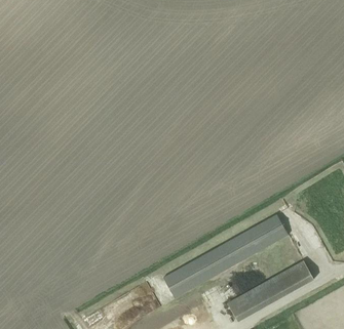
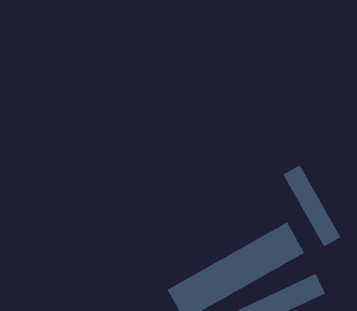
building: none -> [282,164,342,248]

